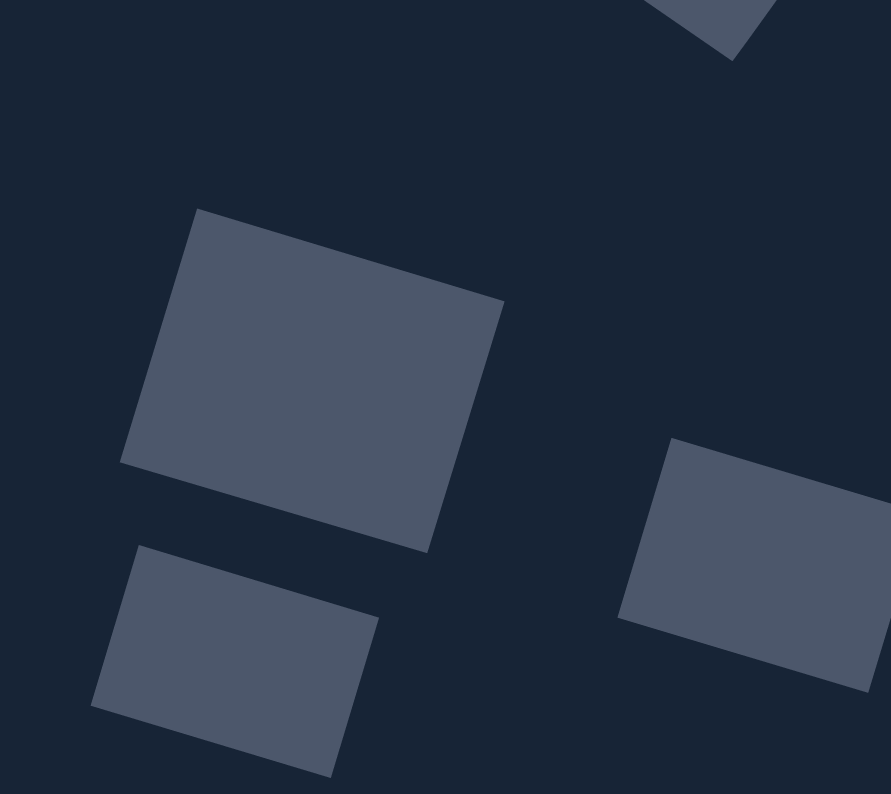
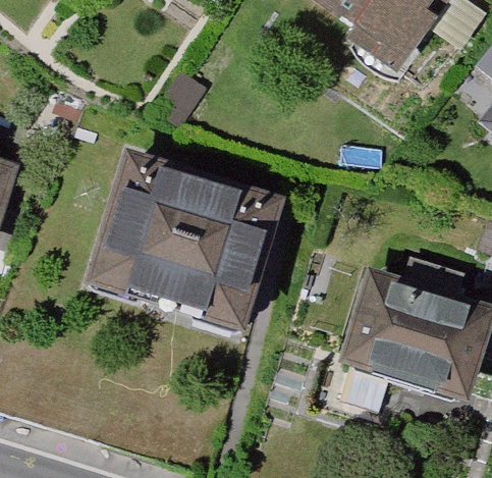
building: [90,544,380,779] -> none

